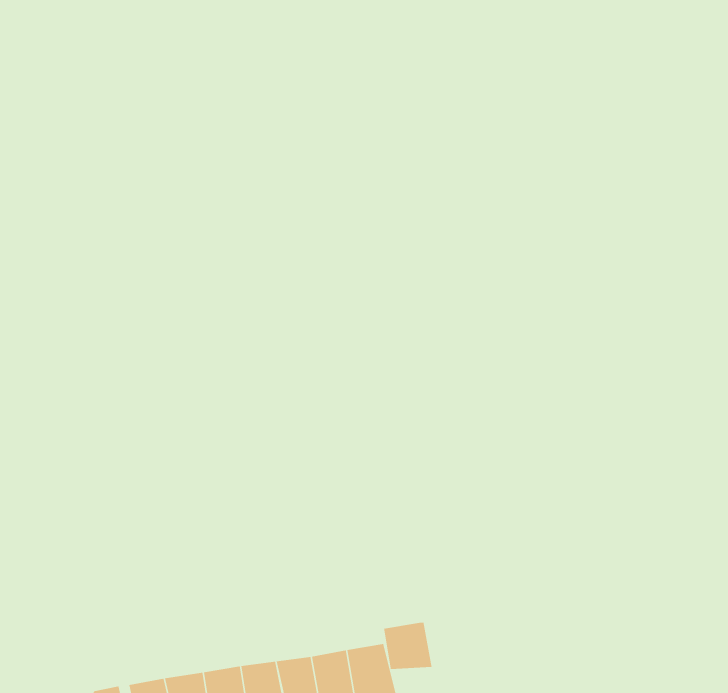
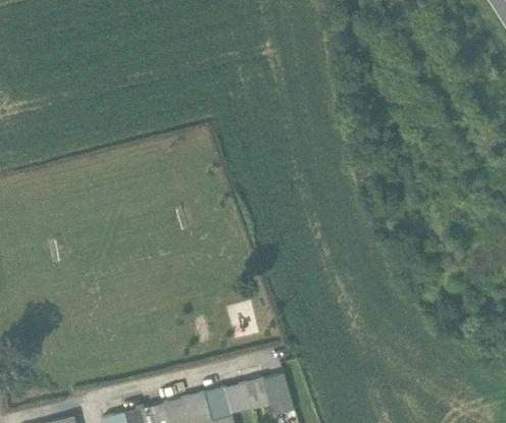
building: [383,622,432,670] -> none

